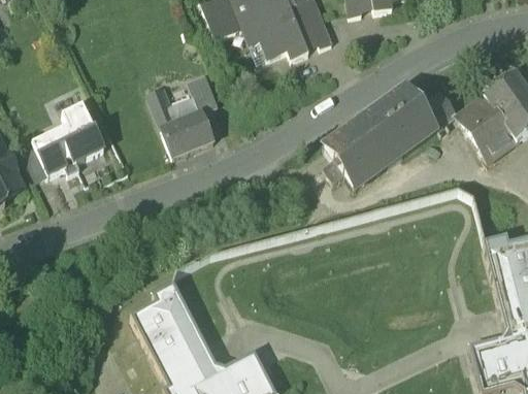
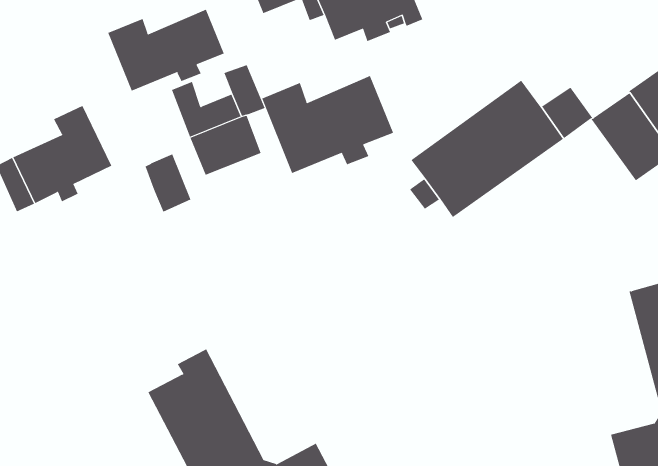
building: none -> [108,9,225,91]
building: none -> [262,75,394,174]
building: none -> [145,153,191,213]

